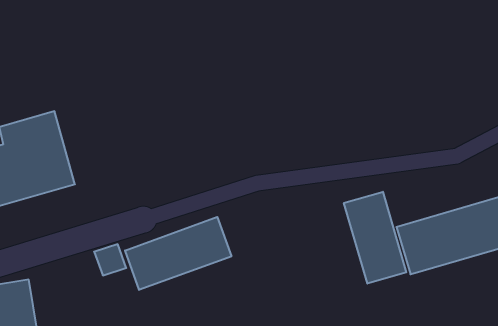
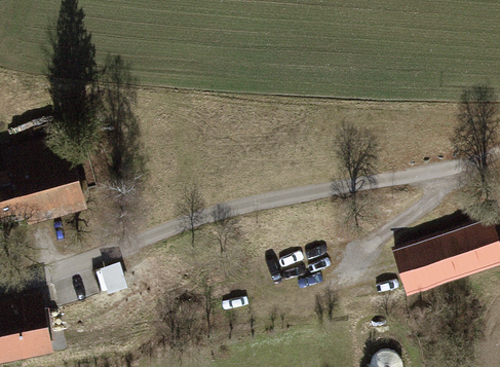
building: [344,192,406,284] -> none
building: [125,217,231,290] -> none

